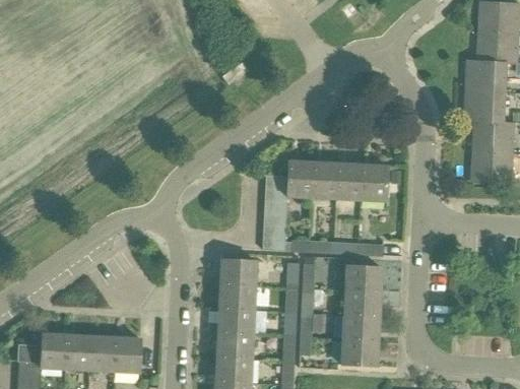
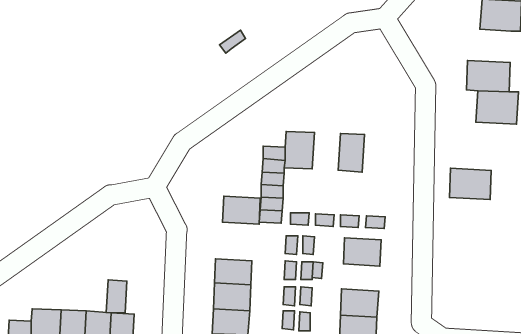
building: [465,61,508,93] -> none
building: [472,151,513,182] -> [449,168,491,200]
building: [314,161,341,198] -> none
building: [363,164,387,201] -> none
building: [219,259,256,286] -> [223,196,260,224]
building: [342,289,380,316] -> none
building: none -> [106,280,127,313]

